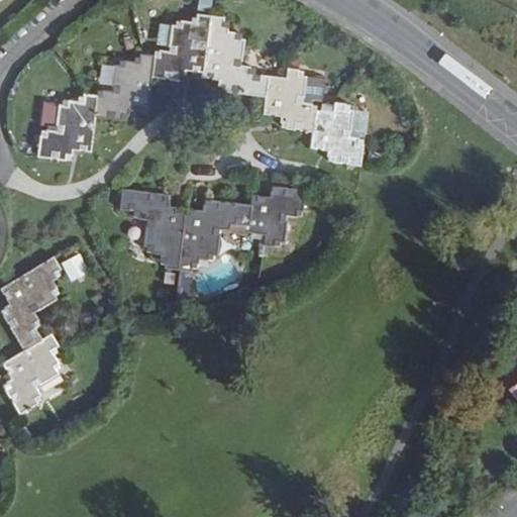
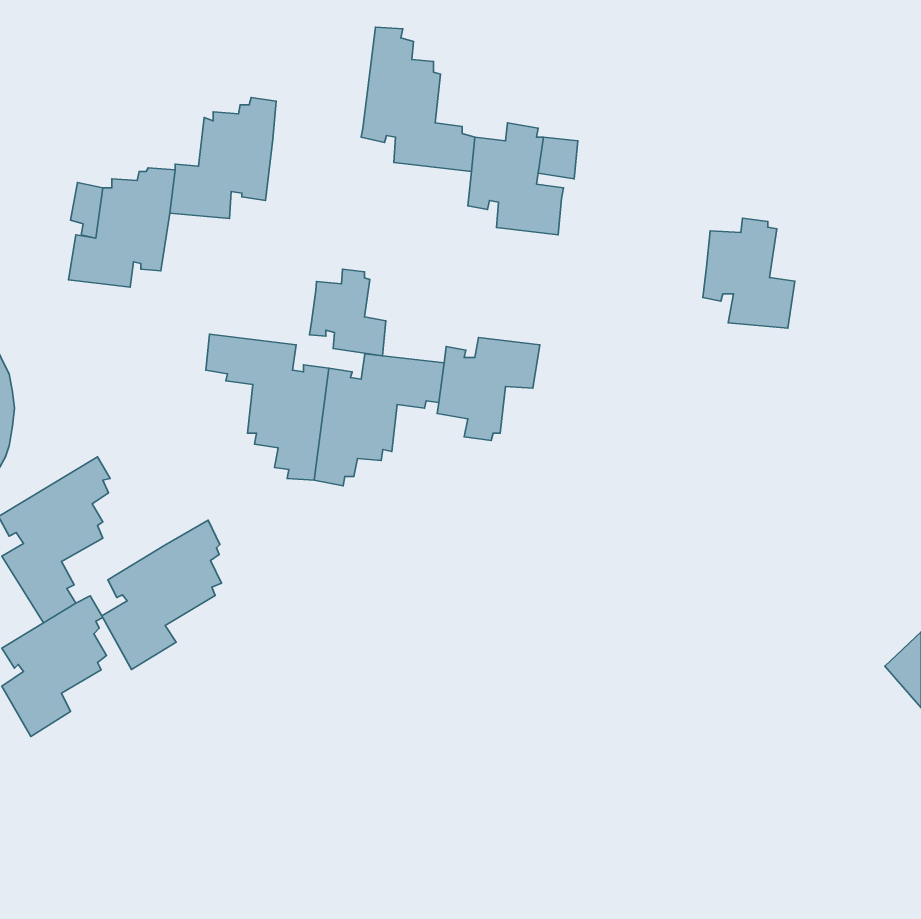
building: [152,13,210,81] -> none
building: [310,104,361,166] -> [703,218,795,328]
building: none -> [310,269,386,356]
building: none -> [102,520,221,669]

